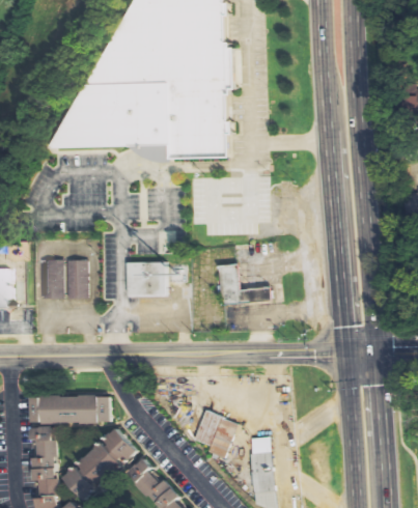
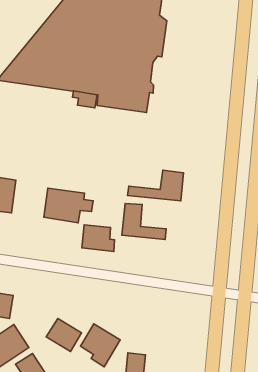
building: none -> [127,170,183,201]
building: none -> [82,225,115,251]
building: none -> [46,318,81,352]

